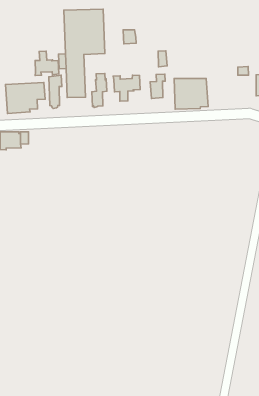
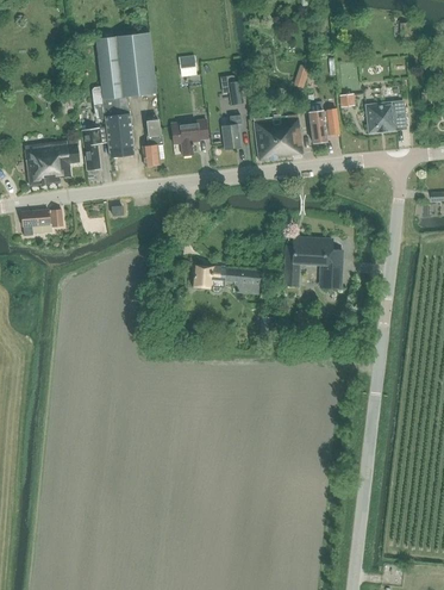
building: [35,51,59,76] -> none
building: none -> [308,110,339,142]
building: none -> [284,237,343,287]
building: none -> [190,263,259,294]

